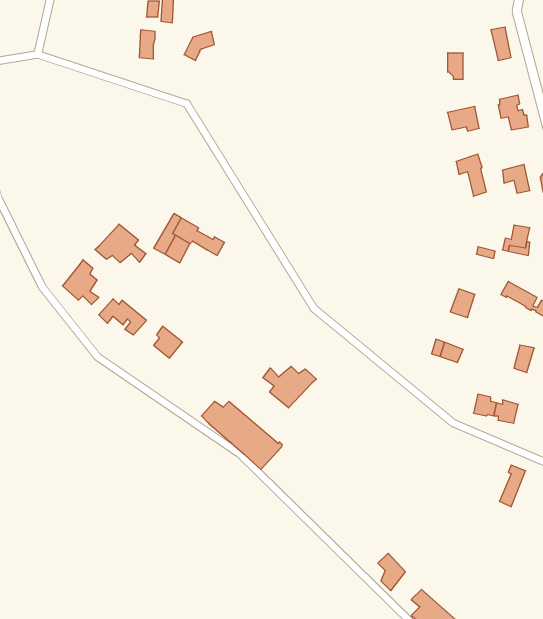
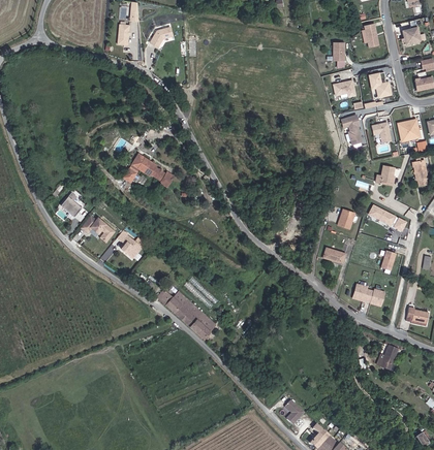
building: [95,224,146,263] -> none
building: [263,366,316,408] -> none

